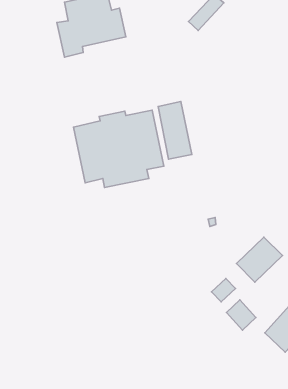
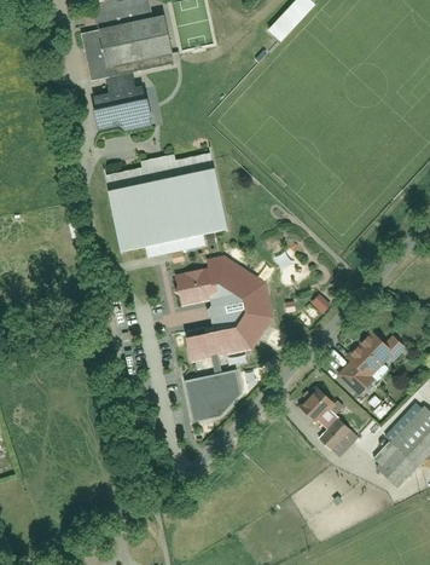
building: none -> [92,75,151,129]
building: [158,101,192,159] -> none
building: none -> [176,255,275,419]

